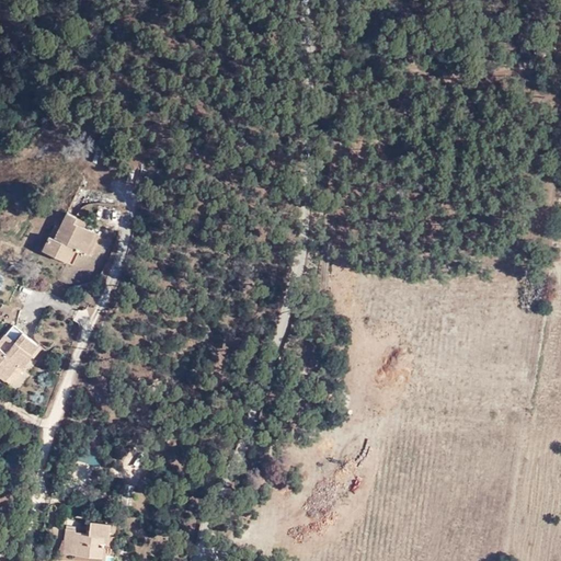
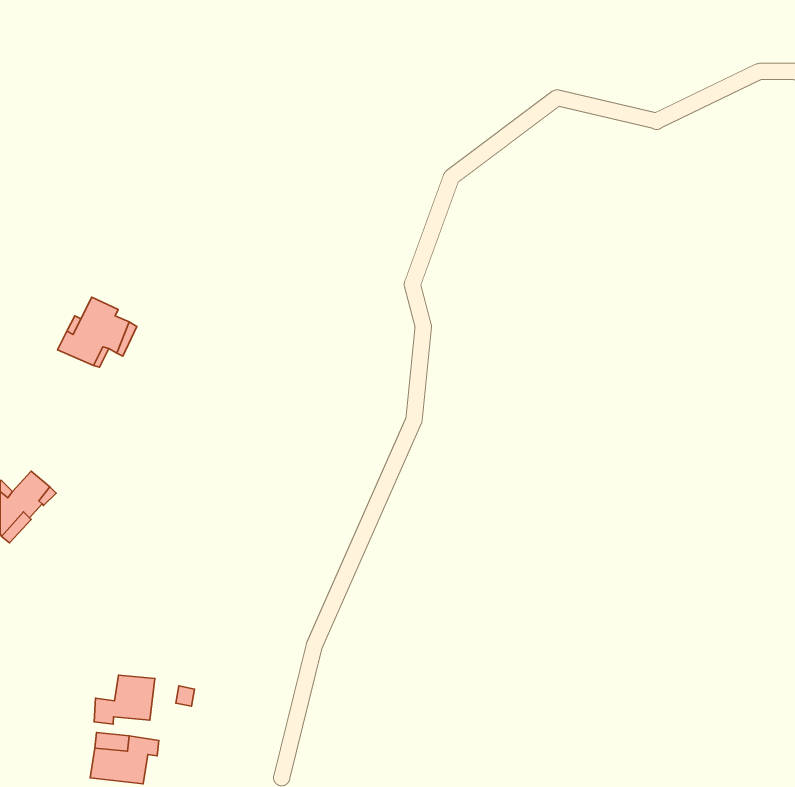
building: none -> [94,675,155,724]

